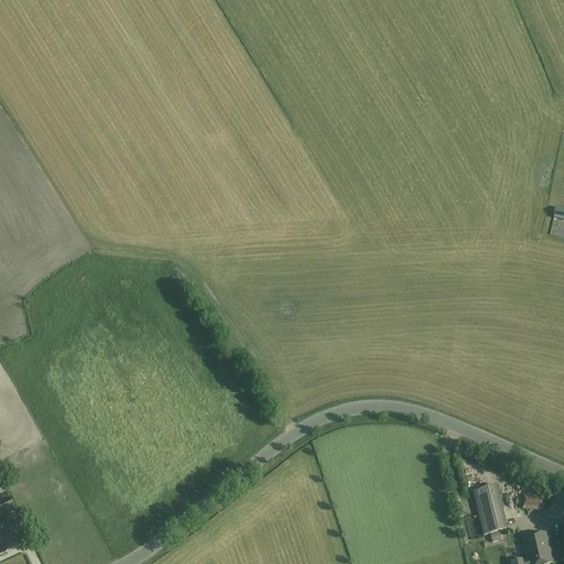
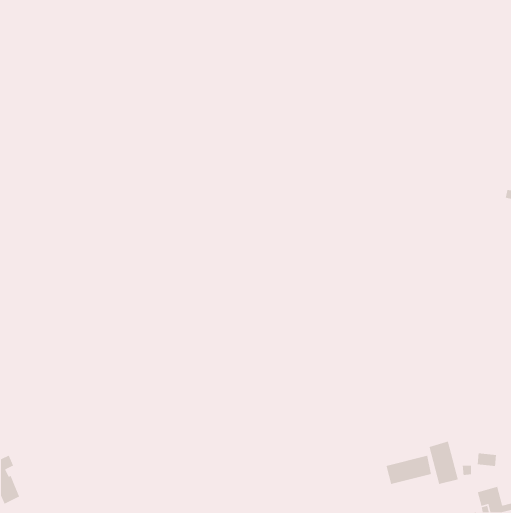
building: none -> [386,455,432,485]

